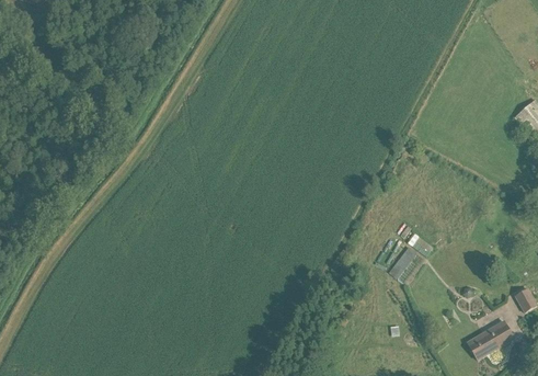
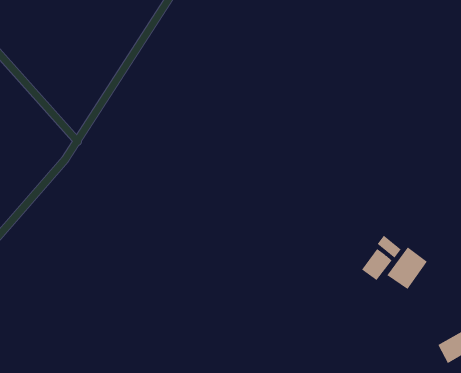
building: none -> [387,246,428,290]

